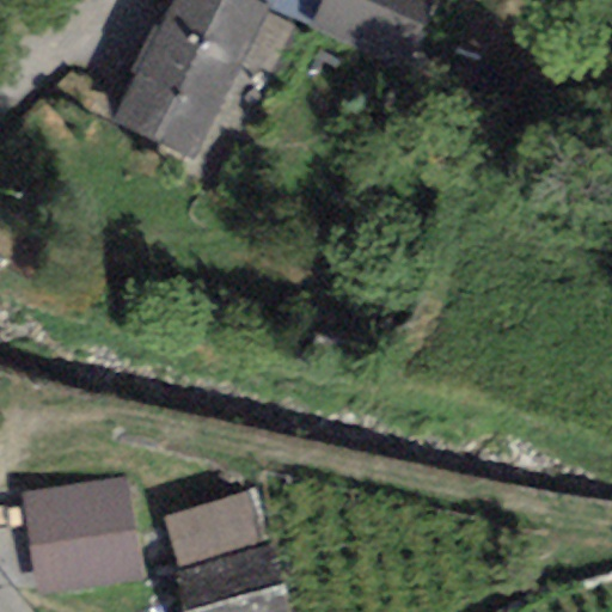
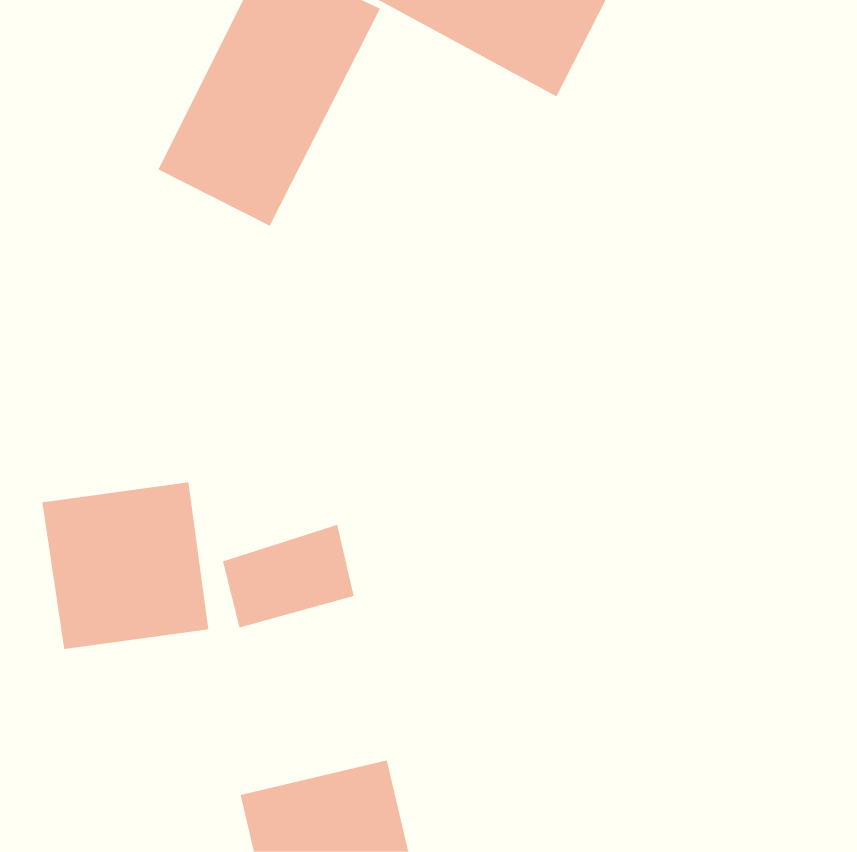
building: [24,475,143,594] -> [42,482,209,650]
building: [166,489,261,563] -> [222,524,355,628]

